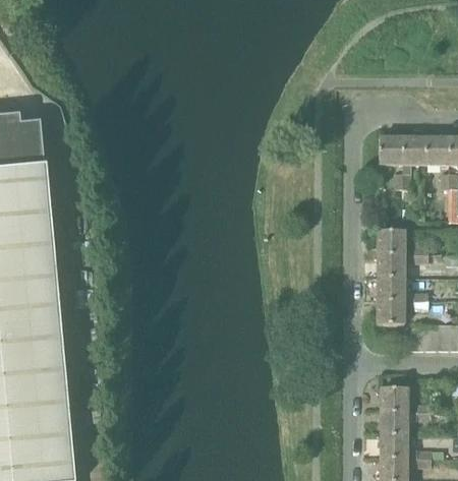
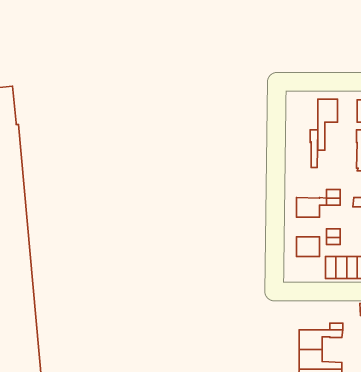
building: [379,136,402,164] -> none
building: [425,136,449,164] -> none
building: [377,230,404,254] -> none
building: [377,277,404,300] -> none
building: [380,387,407,411] -> none

